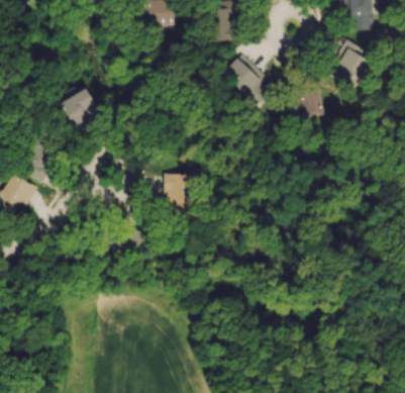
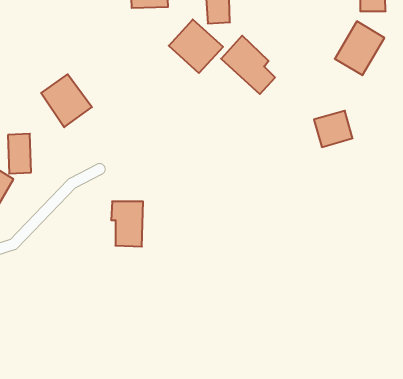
building: none -> [169,19,223,73]
building: [290,88,325,121] -> [314,111,353,147]
building: [164,174,193,215] -> [111,201,143,247]

